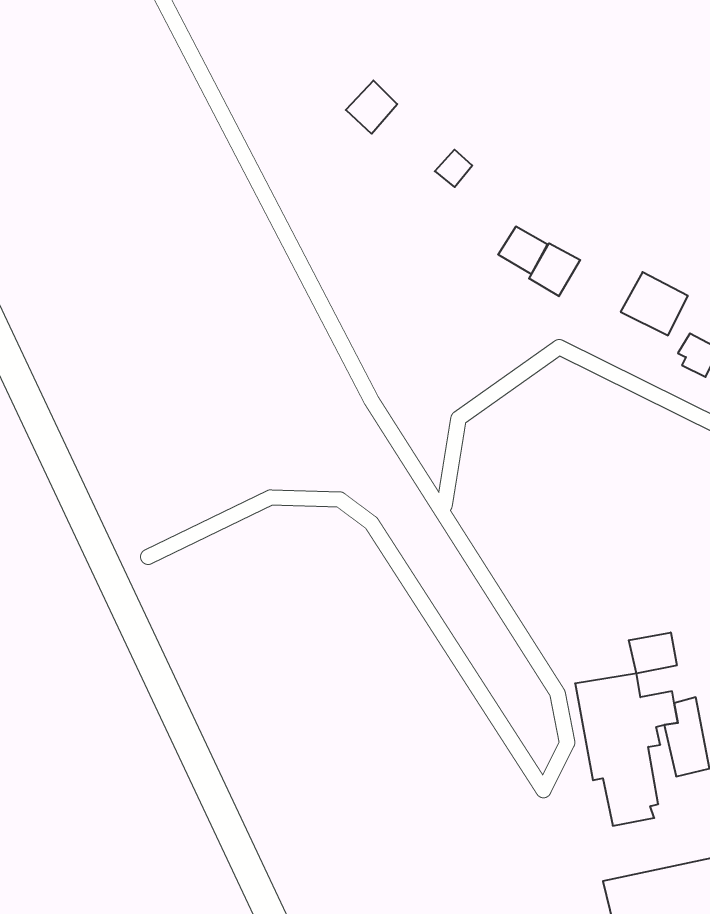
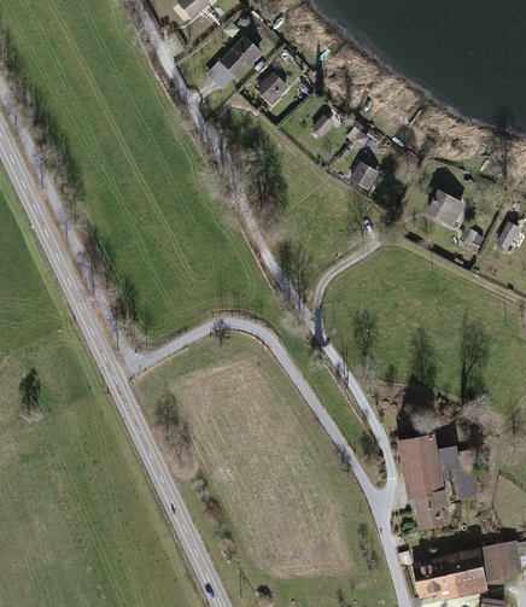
building: none -> [218,35,263,80]
building: [529,243,580,296] -> none
building: [629,632,677,674] -> none

